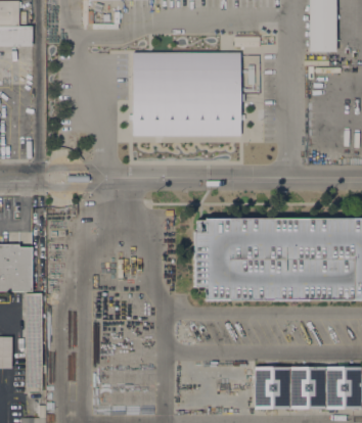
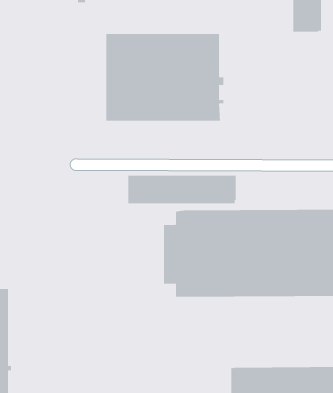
building: none -> [128,175,236,204]

